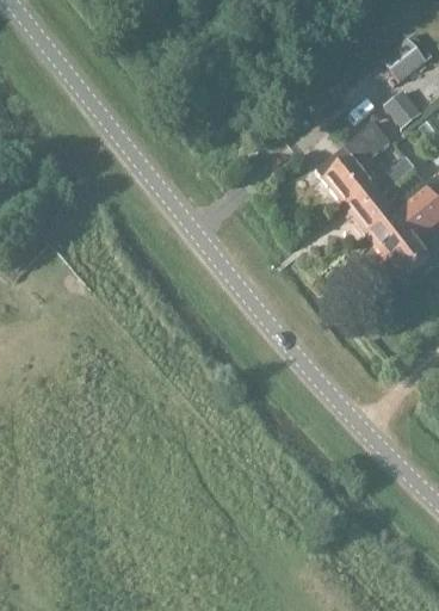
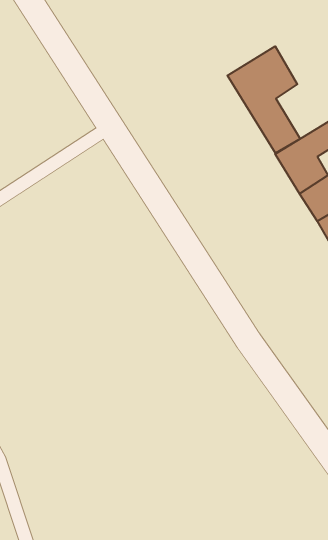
building: none -> [227,46,300,153]

